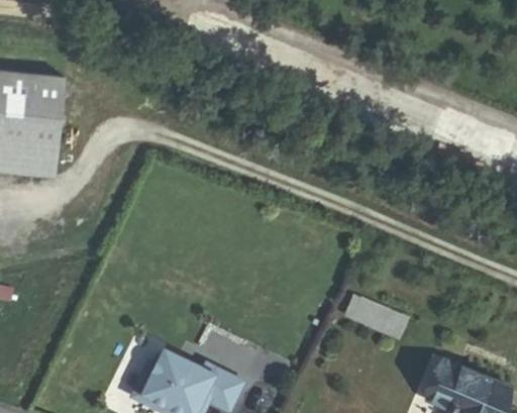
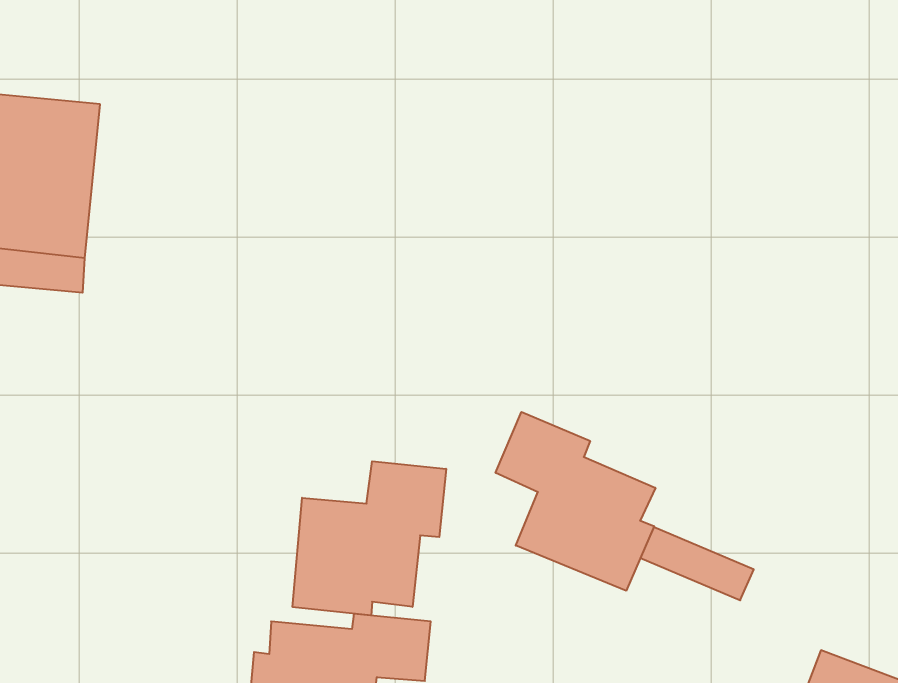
building: none -> [496,412,655,591]
building: none -> [293,461,446,615]

